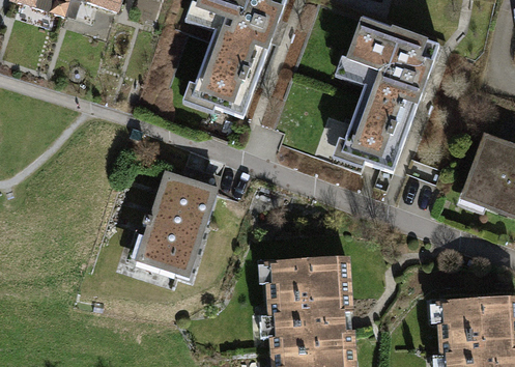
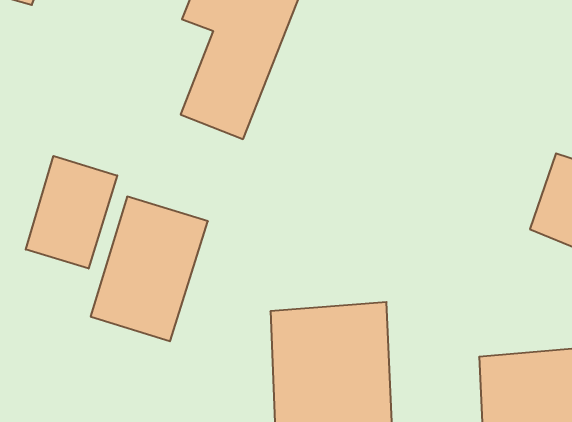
building: [342,23,442,180] -> none
building: none -> [26,156,117,269]

